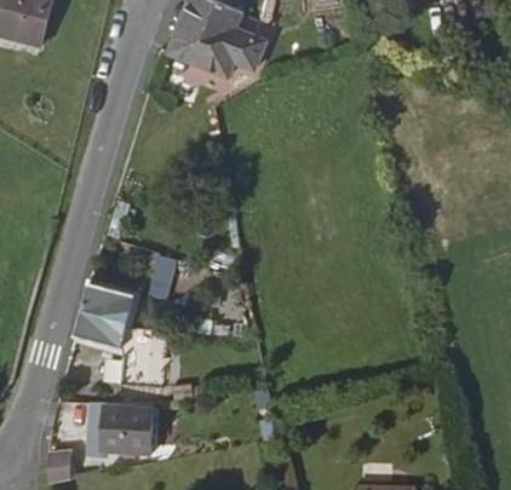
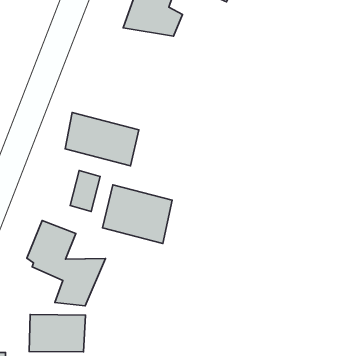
building: none -> [65,113,139,166]
building: none -> [102,185,172,244]

